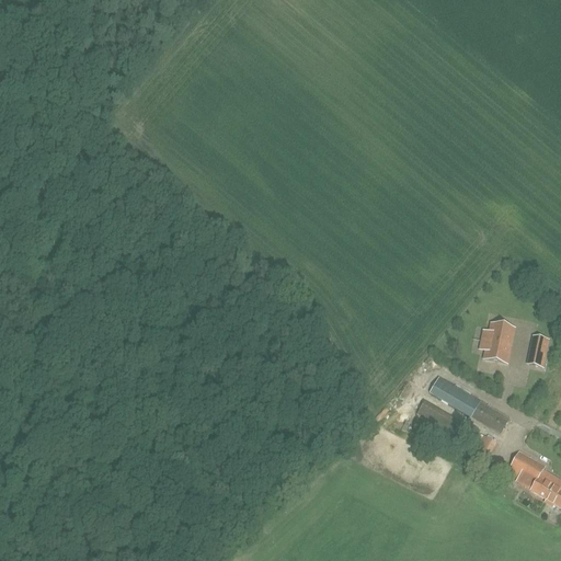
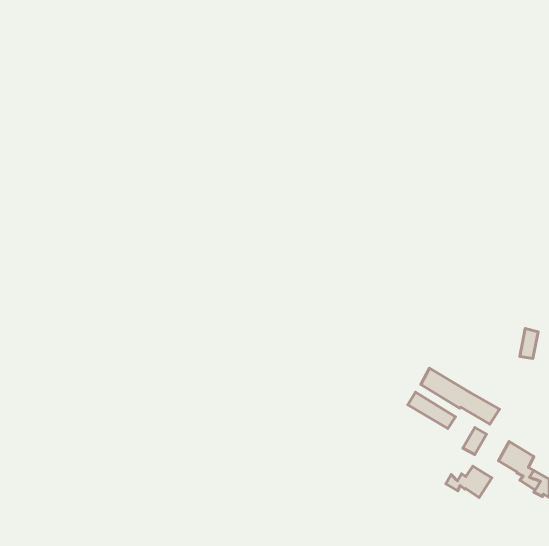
building: [482,322,513,362] -> none
building: none -> [446,466,492,498]

